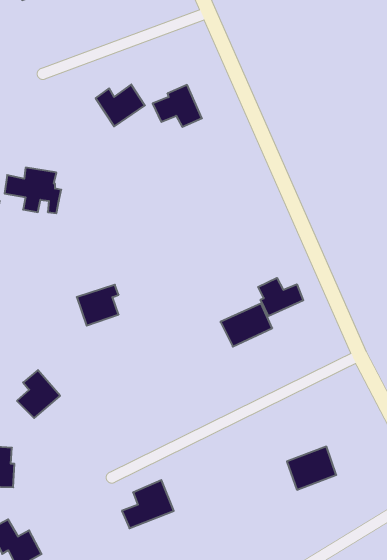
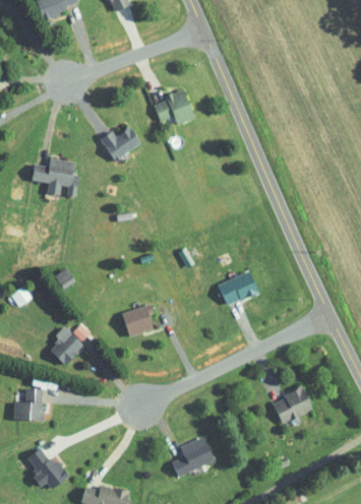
building: [96,84,145,126] -> [105,128,145,163]
building: [258,278,303,316] -> none
building: [77,285,119,326] -> [118,304,153,337]
building: [122,480,174,528] -> [169,437,212,477]

